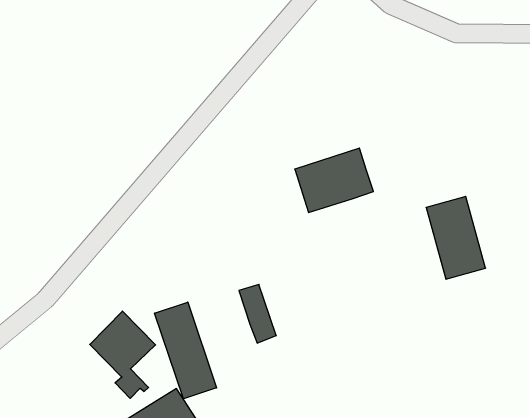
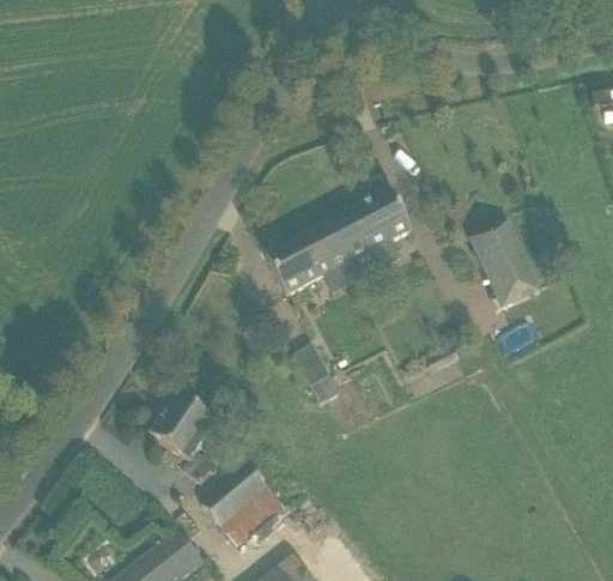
building: none -> [267,219,352,293]
building: [155,302,217,399] -> none

